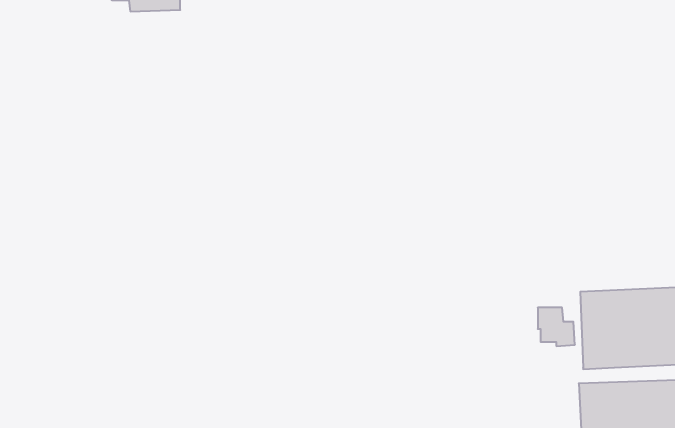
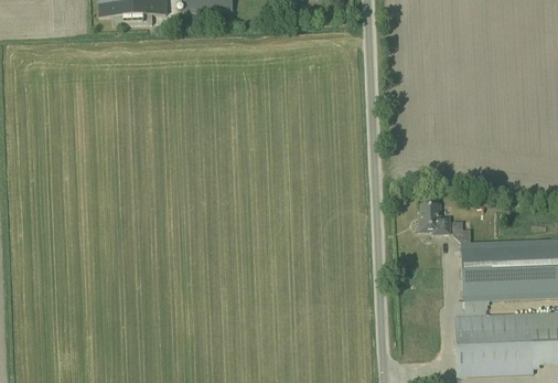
building: [538,308,575,346] -> [421,203,450,233]

